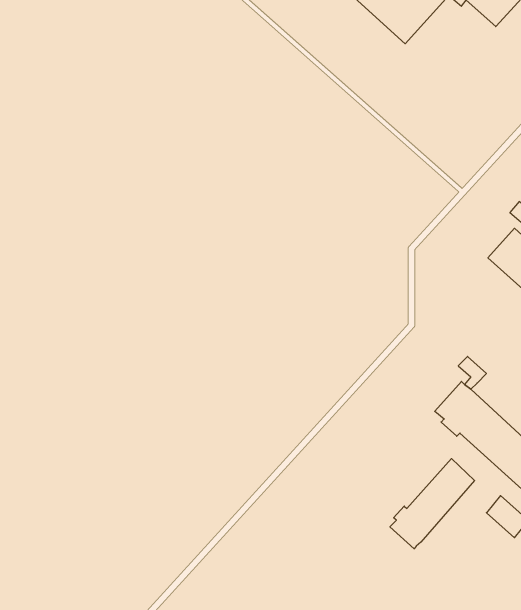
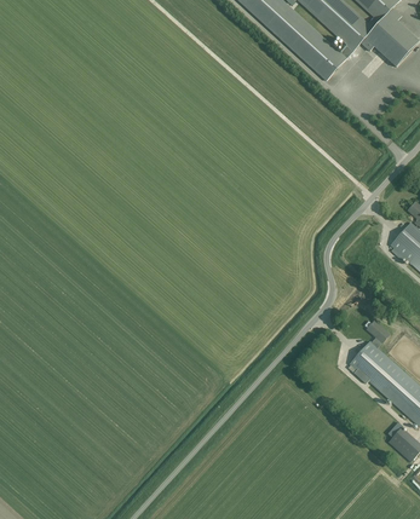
building: [390,459,475,549] -> none

